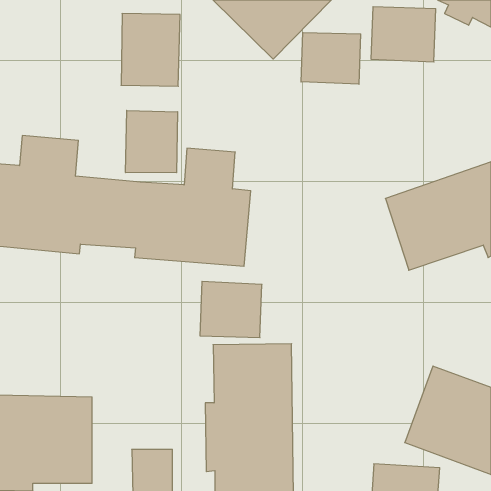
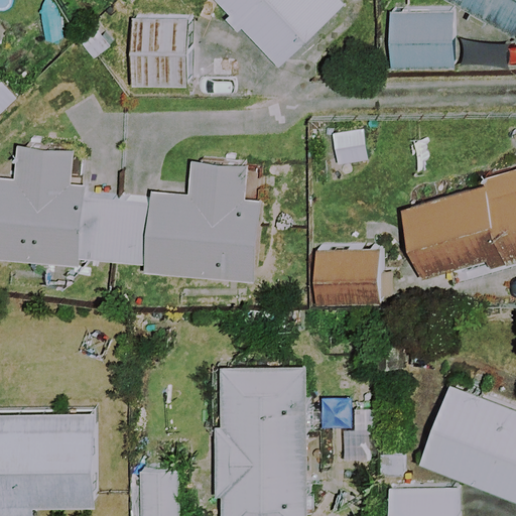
building: [301,32,361,84] -> none
building: [126,110,178,173] -> none
building: [200,281,262,338] -> [317,249,382,307]

